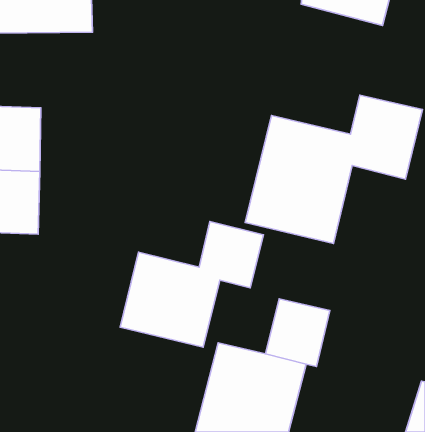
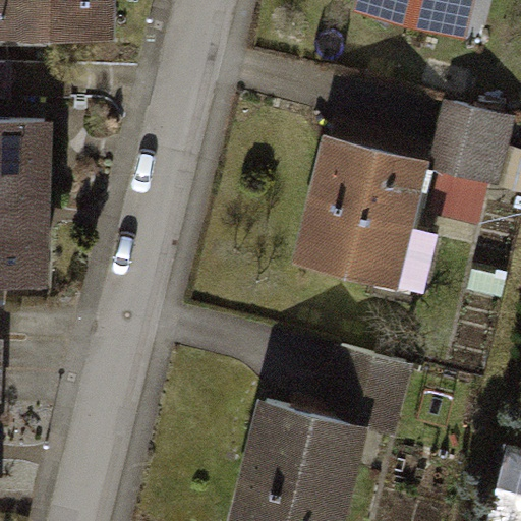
building: [120,222,264,347] -> none

